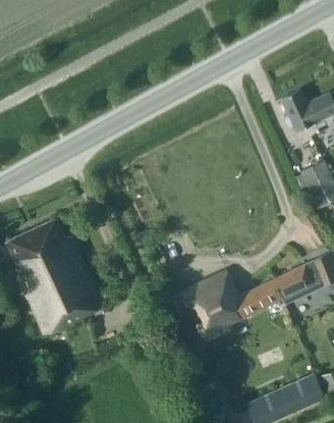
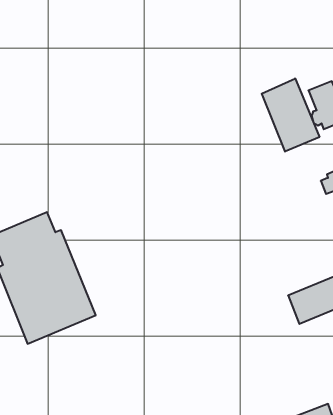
building: none -> [262,78,319,152]
building: [182,271,284,341] -> none

